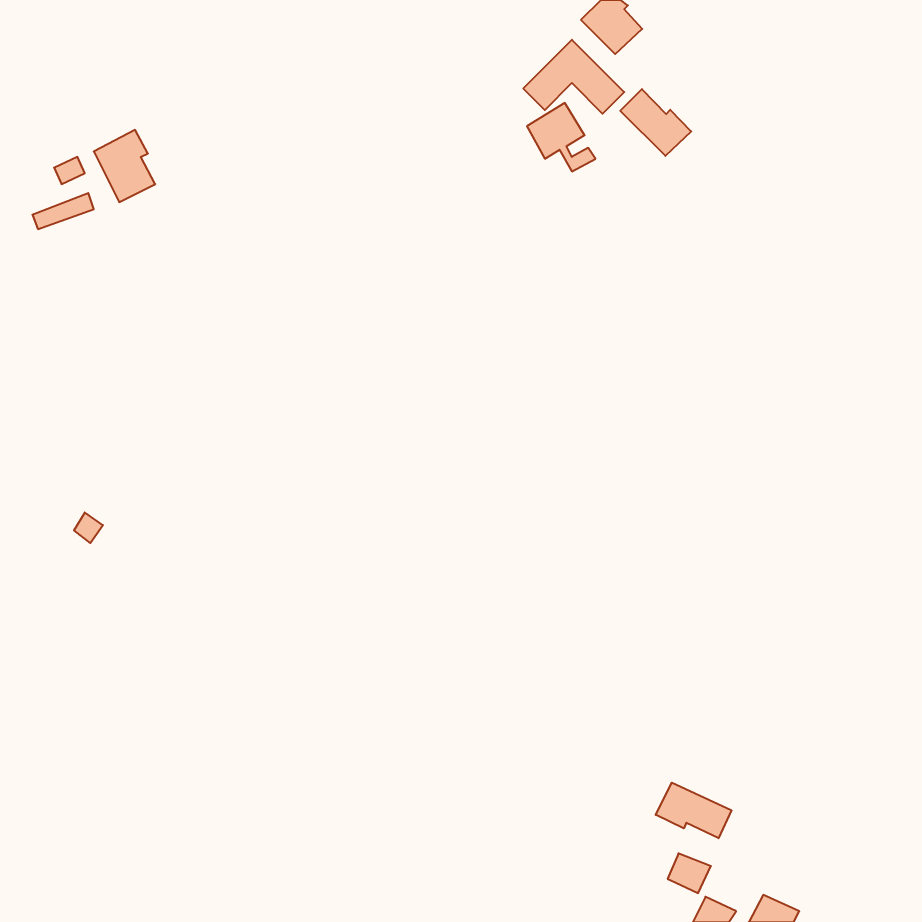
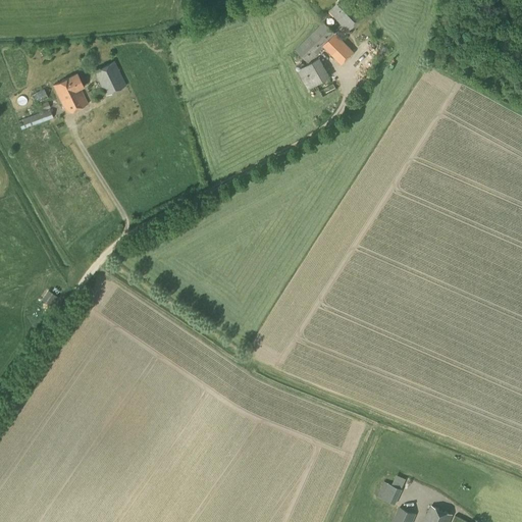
building: [620,89,691,156] -> none
building: none -> [94,61,125,95]
building: [656,783,731,838] -> none

